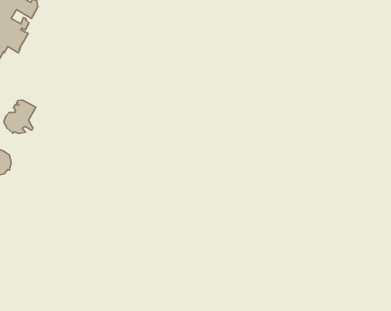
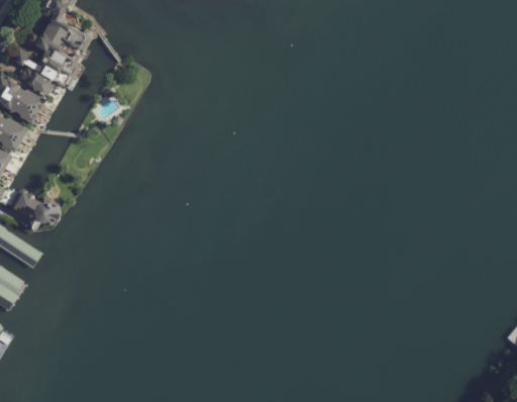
building: [4,100,36,134] -> none

